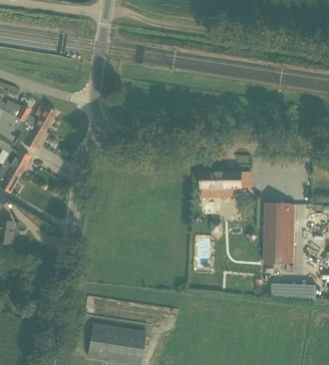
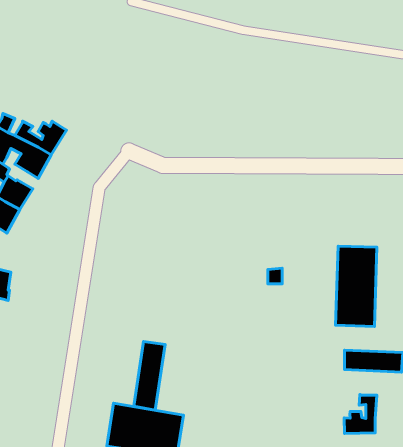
building: [201,171,241,197] -> none
building: none -> [134,342,165,410]
building: none -> [344,394,377,433]

